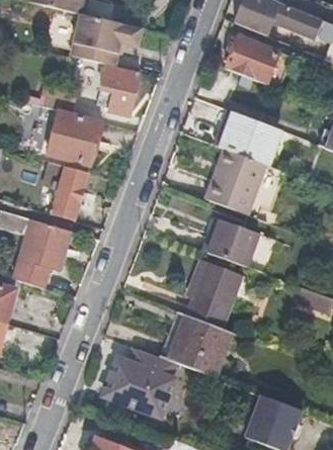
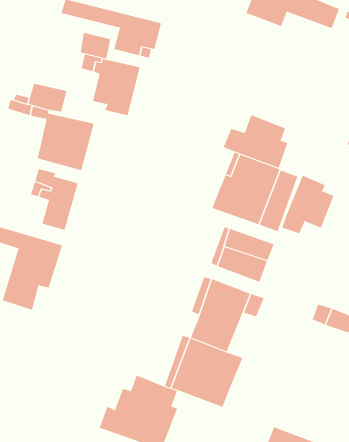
building: [226,34,279,84] -> none
building: none -> [282,175,334,234]

